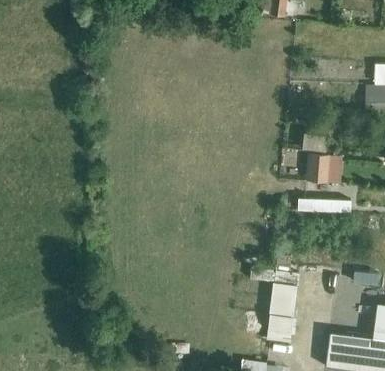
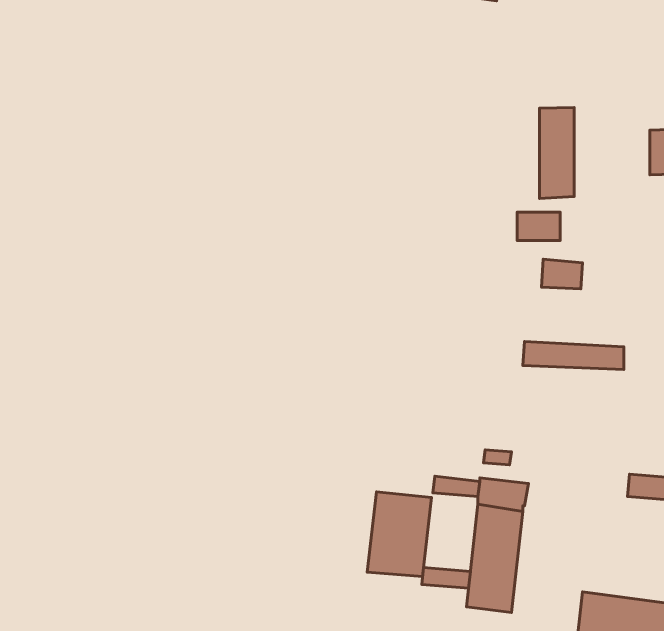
building: none -> [539,108,574,199]
building: none -> [367,492,431,576]

